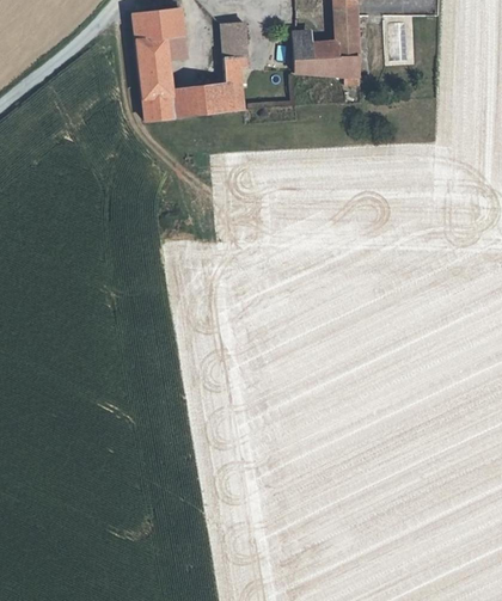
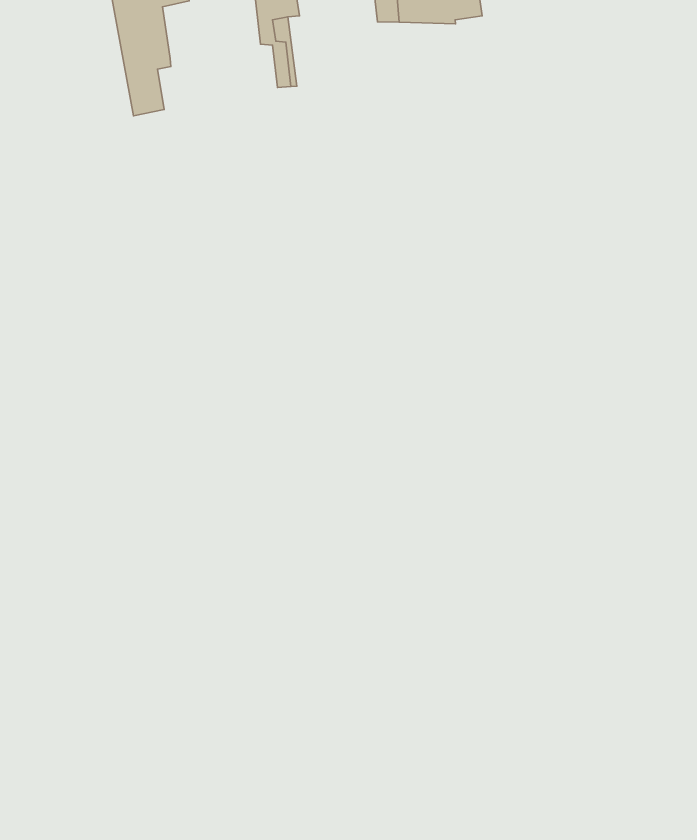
building: [160,82,233,118] -> none

